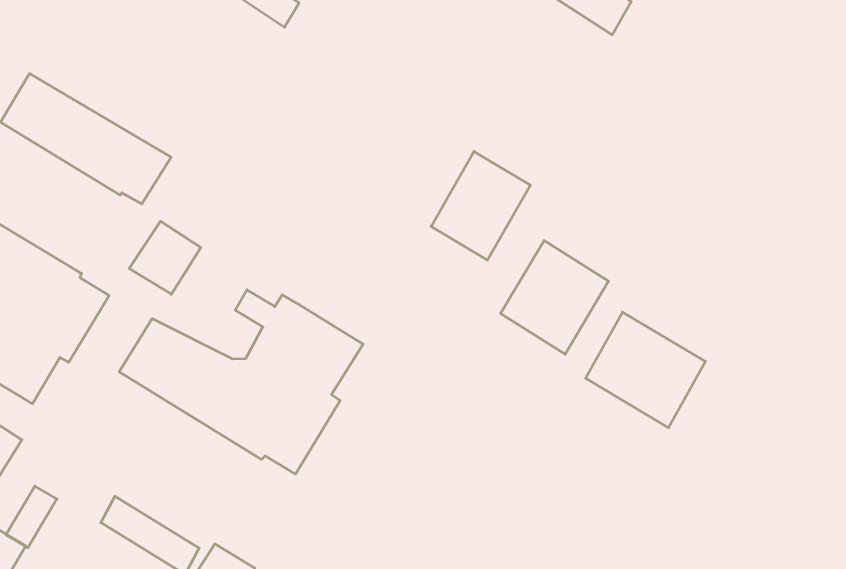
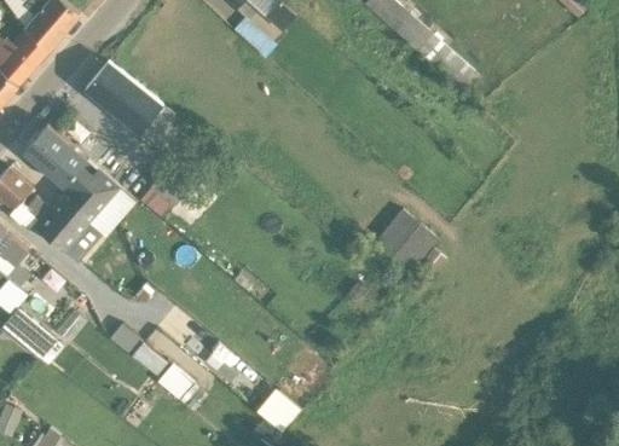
building: [431,151,530,260] -> none
building: [119,290,363,474] -> none
building: [586,312,705,428] -> none

